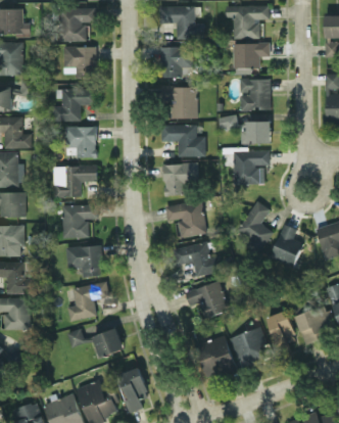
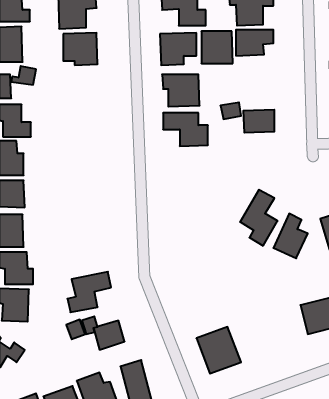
building: [240,79,271,110] -> [201,31,233,63]
building: [52,88,97,122] -> none
building: [64,126,97,157] -> none
building: [233,150,270,185] -> none
building: [163,162,196,195] -> none
building: [53,166,98,197] -> none
building: [164,199,206,238] -> none
building: [61,204,98,239] -> none
building: [173,242,223,277] -> none
building: [65,245,103,277] -> none
building: [185,281,229,318] -> none
building: [267,311,298,348] -> none
building: [230,326,273,369] -> none

